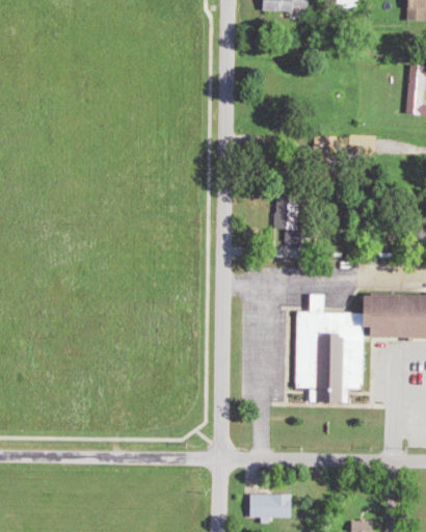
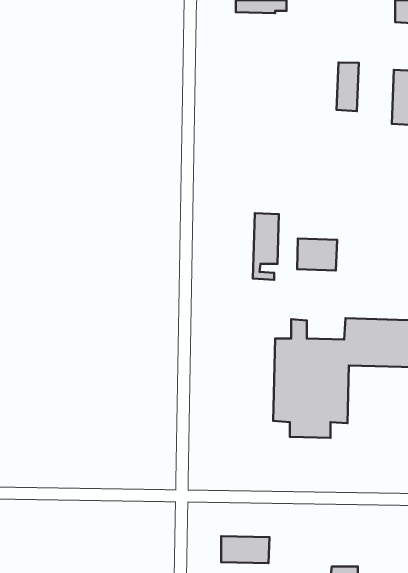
building: none -> [337,62,359,111]
building: none -> [297,238,337,271]

